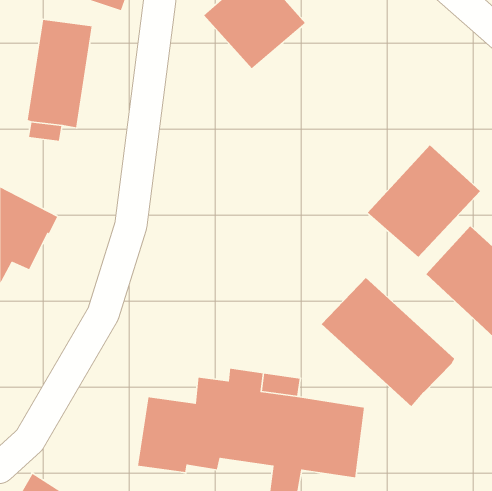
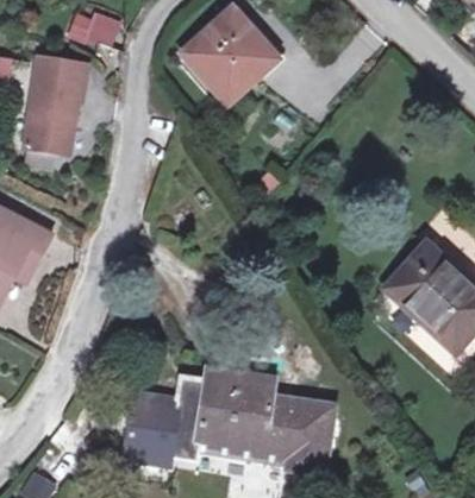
building: [367,145,481,258] -> none
building: [321,277,455,407] -> none

